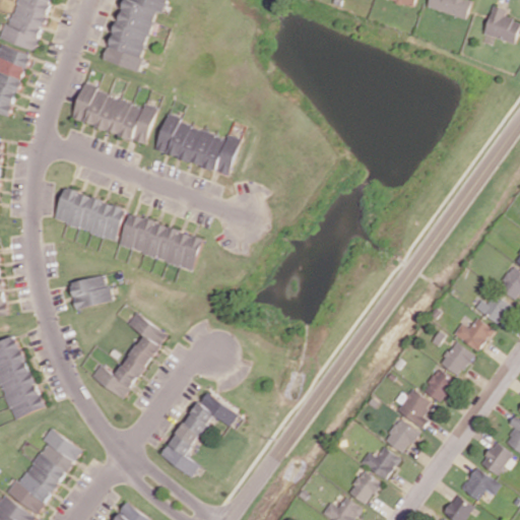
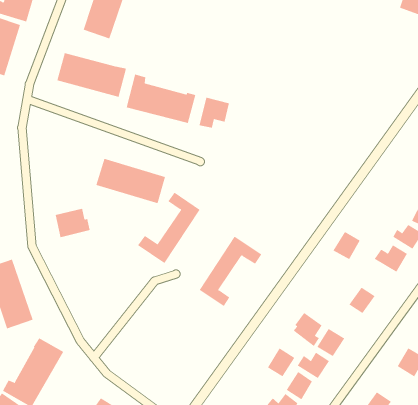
building: none -> [199,97,230,128]
building: [54,188,126,241] -> none
building: [90,313,167,399] -> [137,192,200,264]
building: [439,341,472,376] -> [333,231,361,260]
building: [396,387,432,429] -> [293,312,322,347]
building: [161,391,238,476] -> [199,236,262,307]
building: none -> [267,347,295,377]
building: [460,467,501,501] -> none

